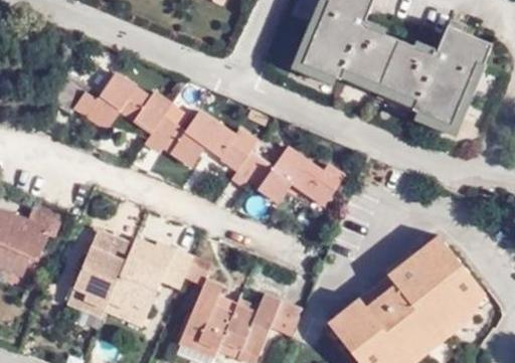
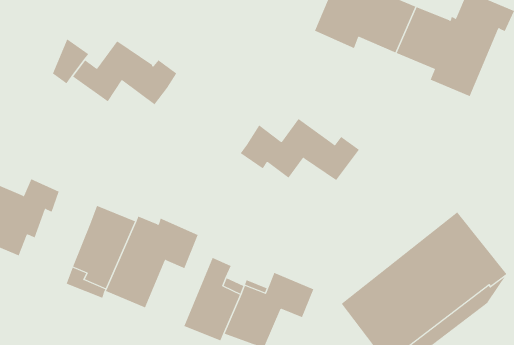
building: [145,112,258,172] -> none

